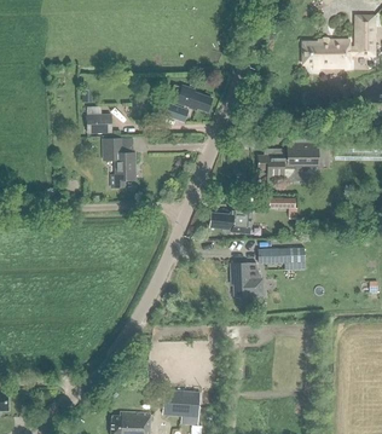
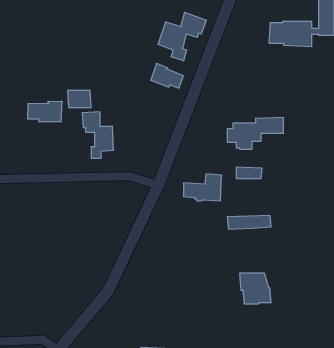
building: none -> [158,12,206,61]
building: none -> [28,101,62,122]
building: [228,264,262,296] -> [240,273,271,304]

